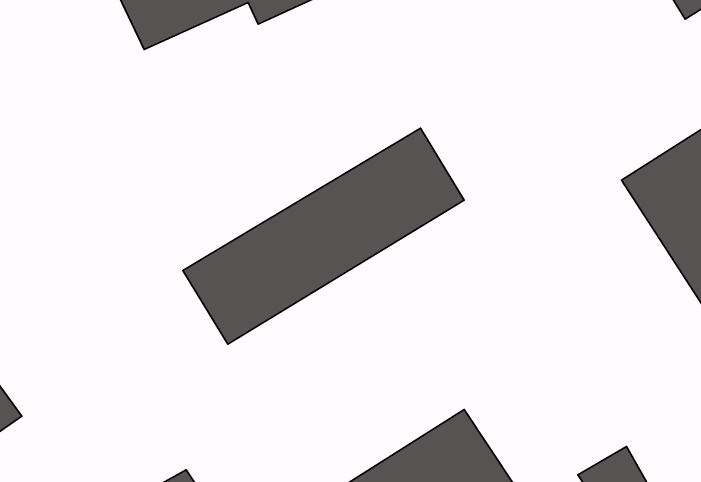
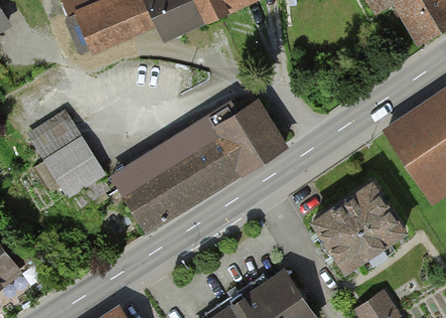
building: none -> [28,112,105,209]
building: none -> [313,184,409,276]

